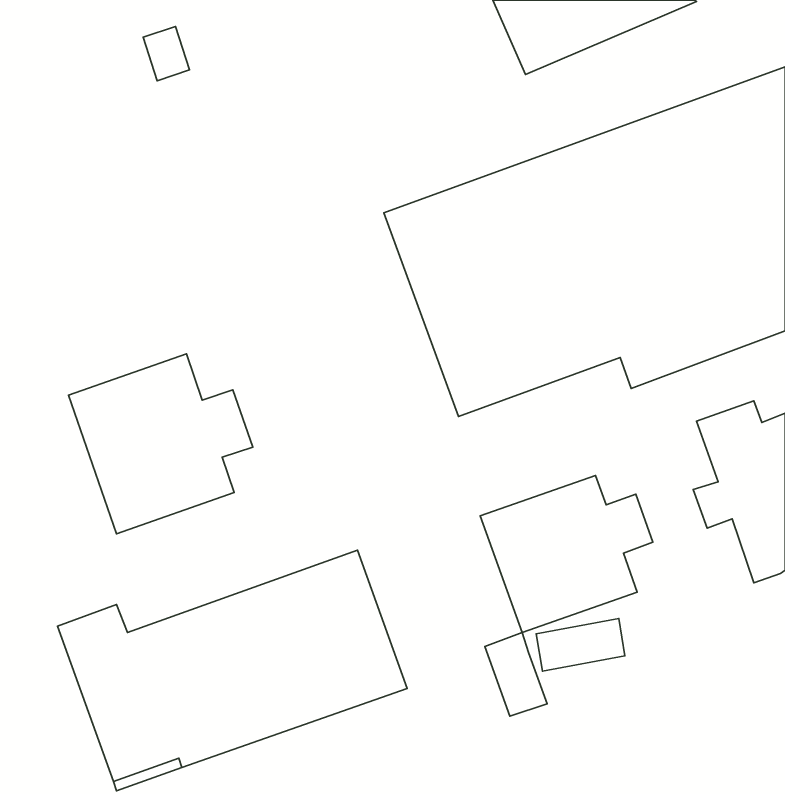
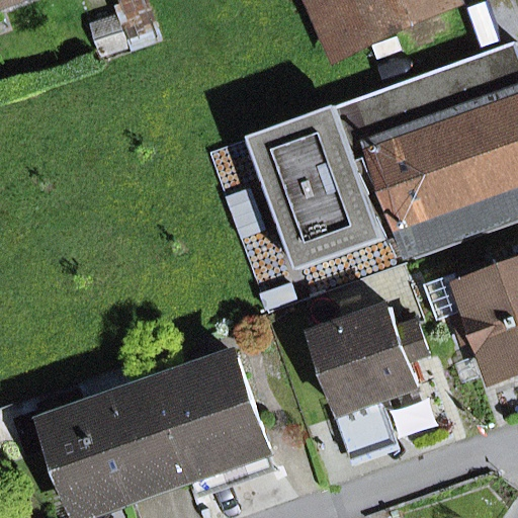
building: [69,354,253,534] -> none

